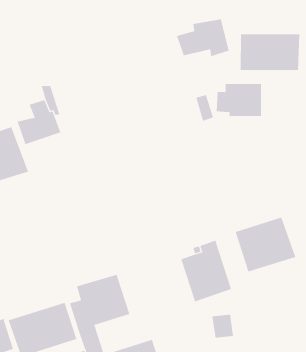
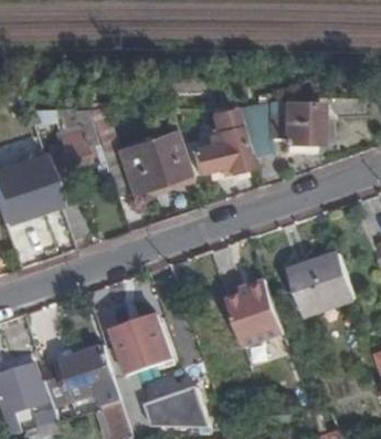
building: [176,19,230,57] -> [189,132,247,174]
building: [240,34,300,71] -> none
building: none -> [115,134,190,191]

